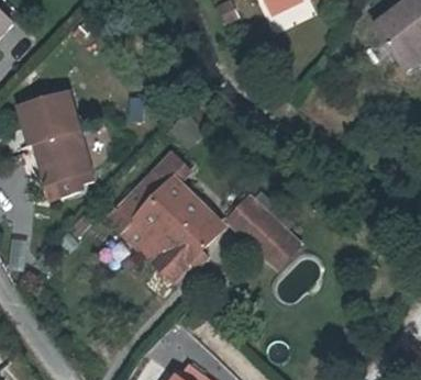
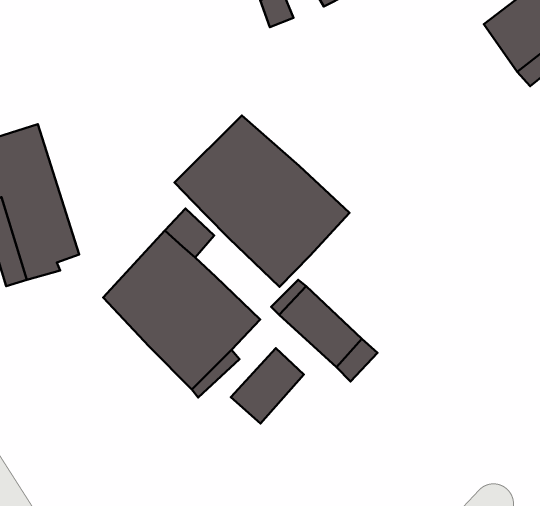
building: none -> [174,116,350,287]
building: none -> [231,348,304,424]

